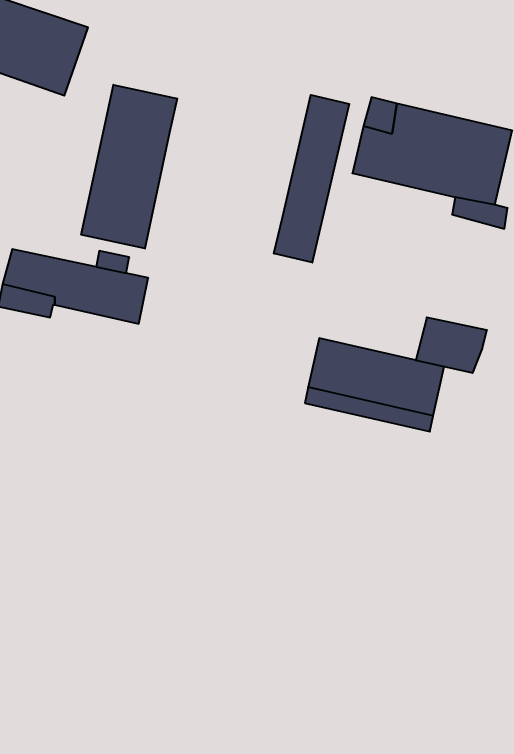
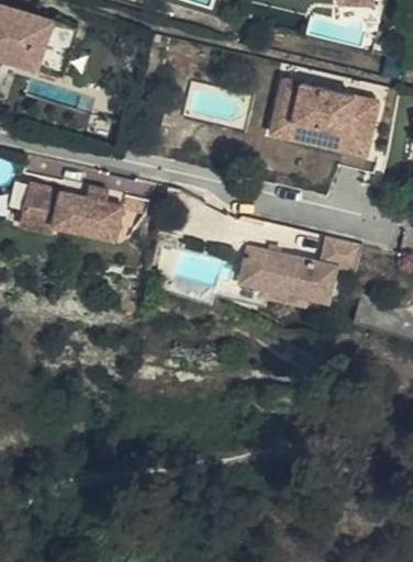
building: [81,85,177,249] -> none
building: [274,95,349,263] -> none

